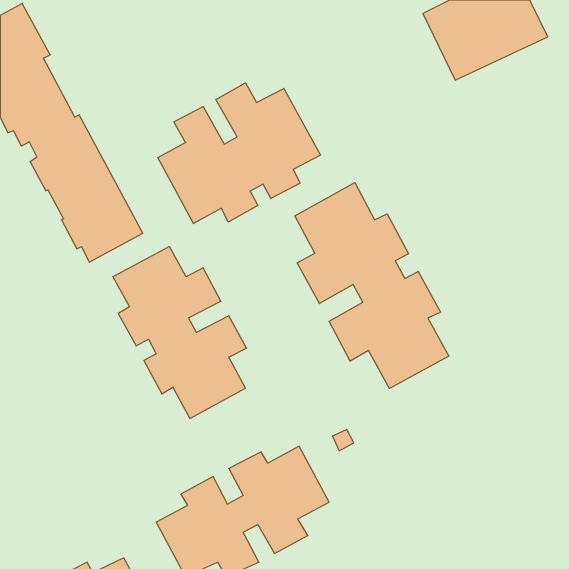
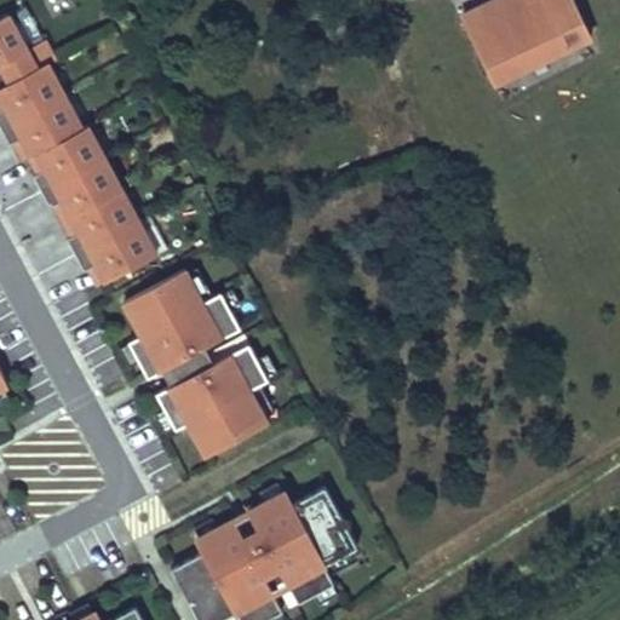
building: [158,83,321,224] -> none
building: [295,183,449,388] -> none

